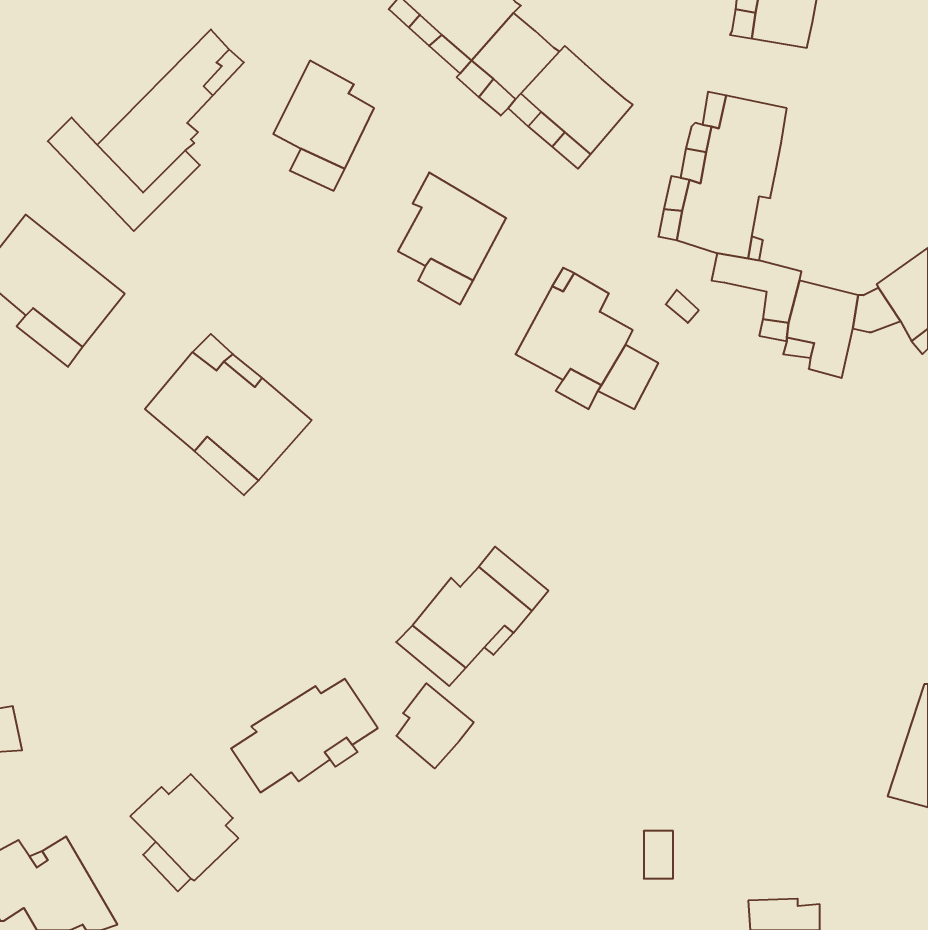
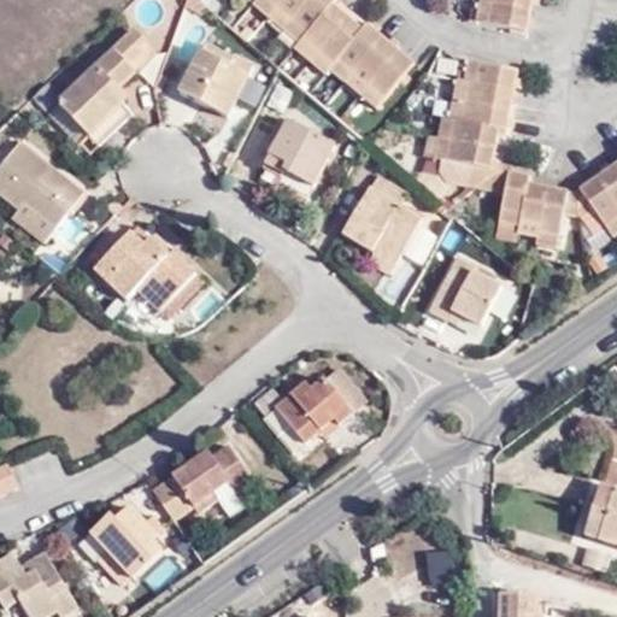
building: none -> [430,249,501,319]
building: [396,683,474,768] -> none

